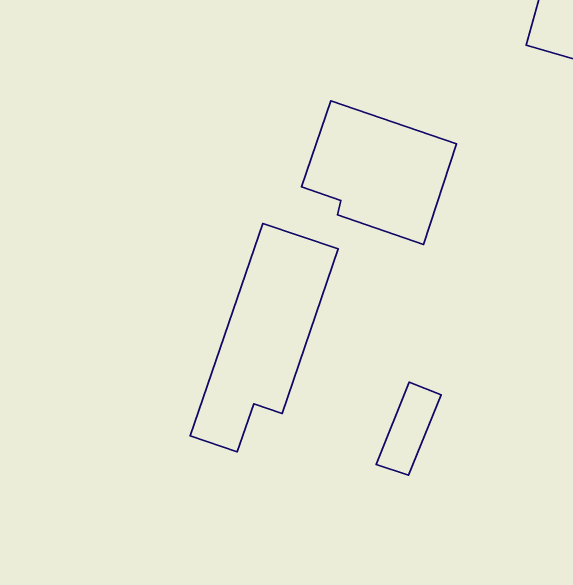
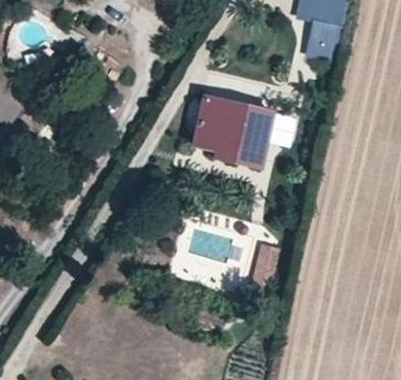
building: [190,224,338,452] -> none

